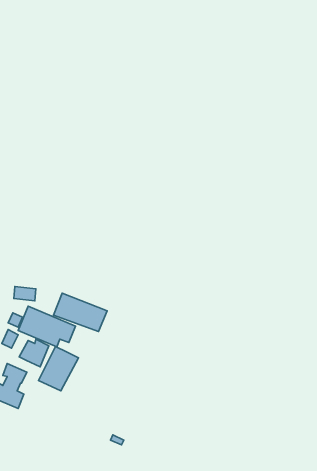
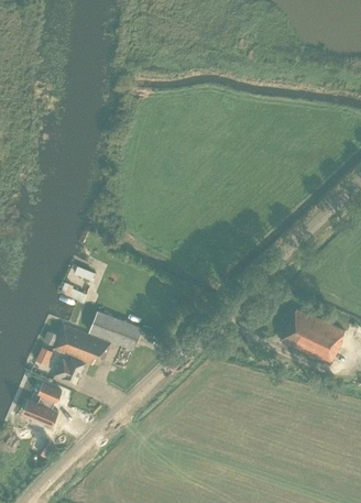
building: none -> [281,308,344,364]
building: [39,346,79,391] -> none

